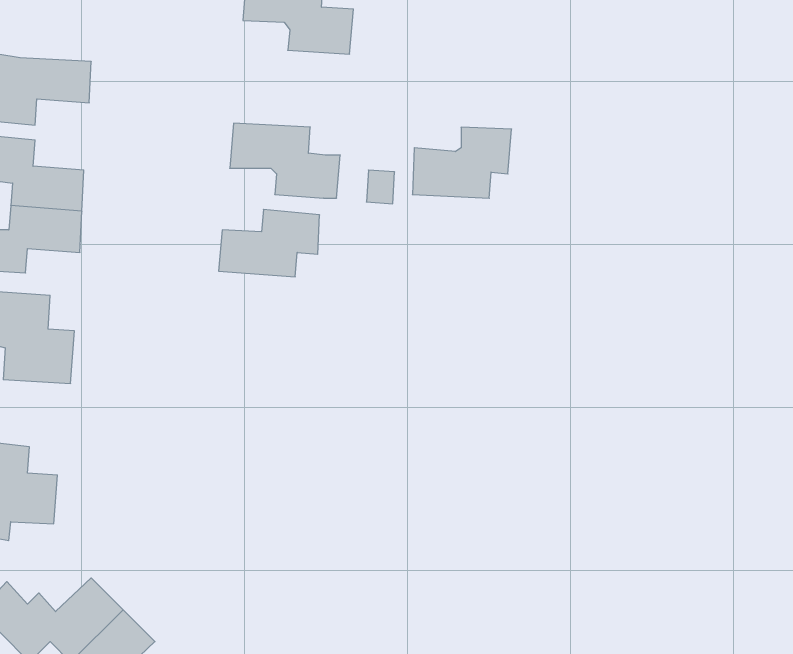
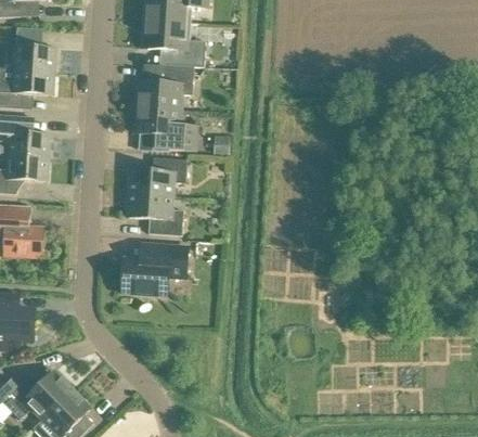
building: none -> [12,43,54,70]
building: [412,127,512,198] -> [135,67,193,108]
building: none -> [126,192,182,234]
building: none -> [120,243,186,295]

